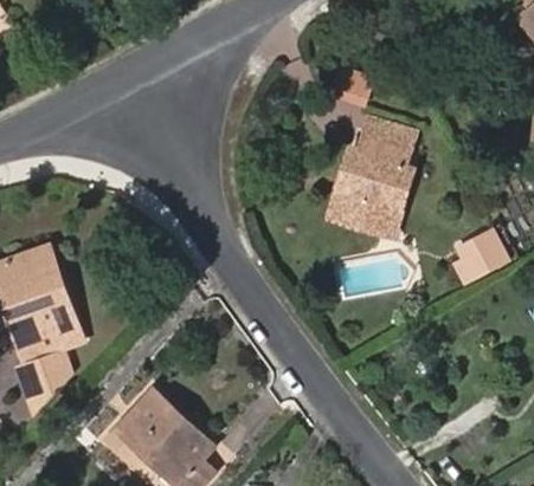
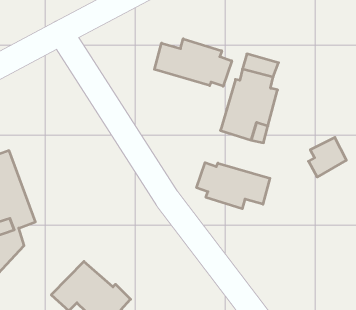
building: none -> [154,39,232,86]
building: none -> [197,163,270,209]

